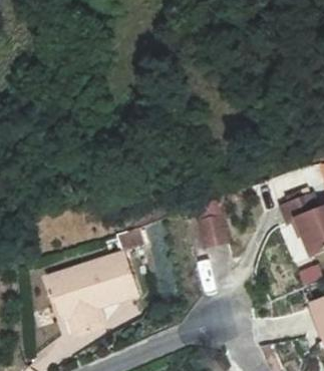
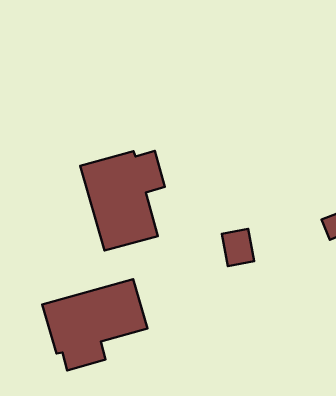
building: none -> [80,151,165,251]

